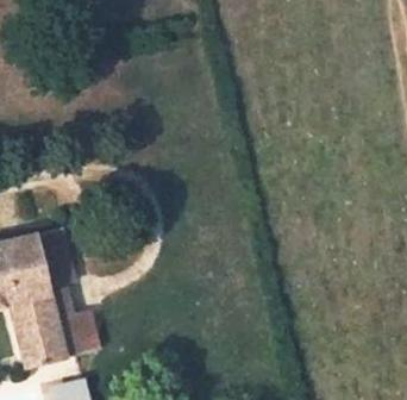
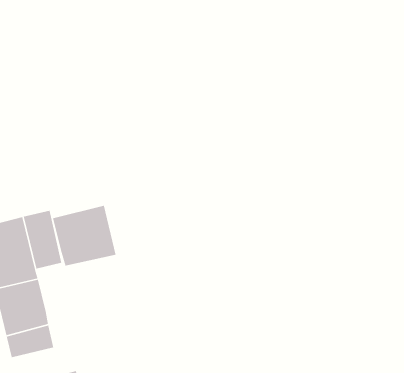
building: none -> [52,205,116,266]
building: [55,312,96,355] -> none

